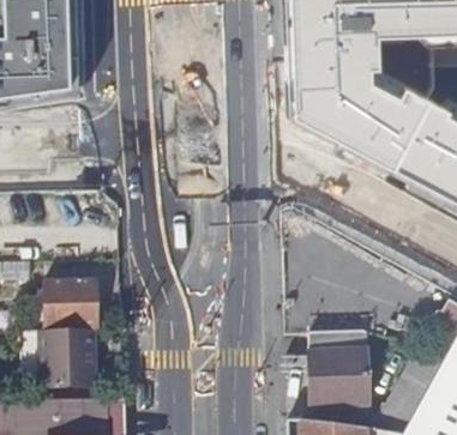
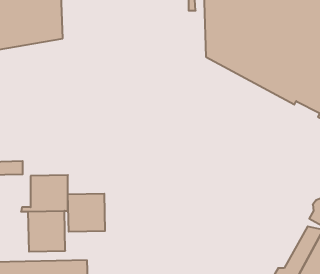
building: none -> [68,194,105,232]
building: [312,332,371,409] -> none

